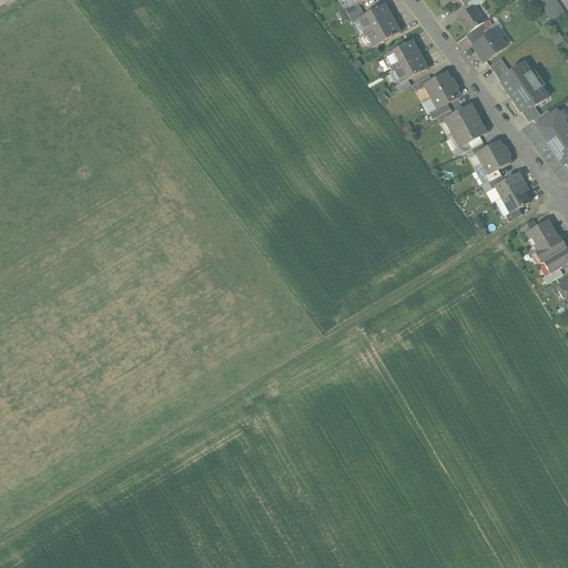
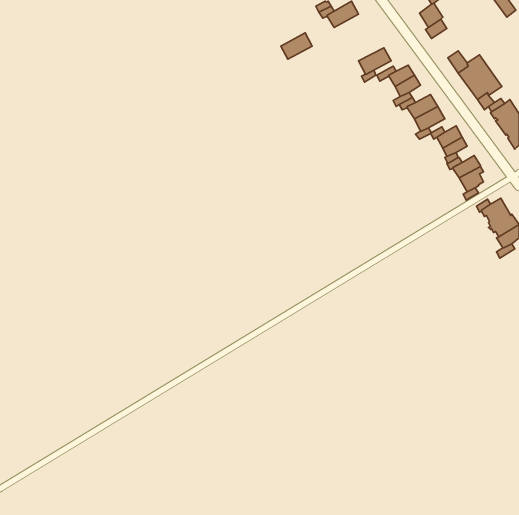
building: [365,16,399,44] -> [281,33,312,59]
building: [471,28,505,59] -> none
building: [385,38,419,67] -> none

